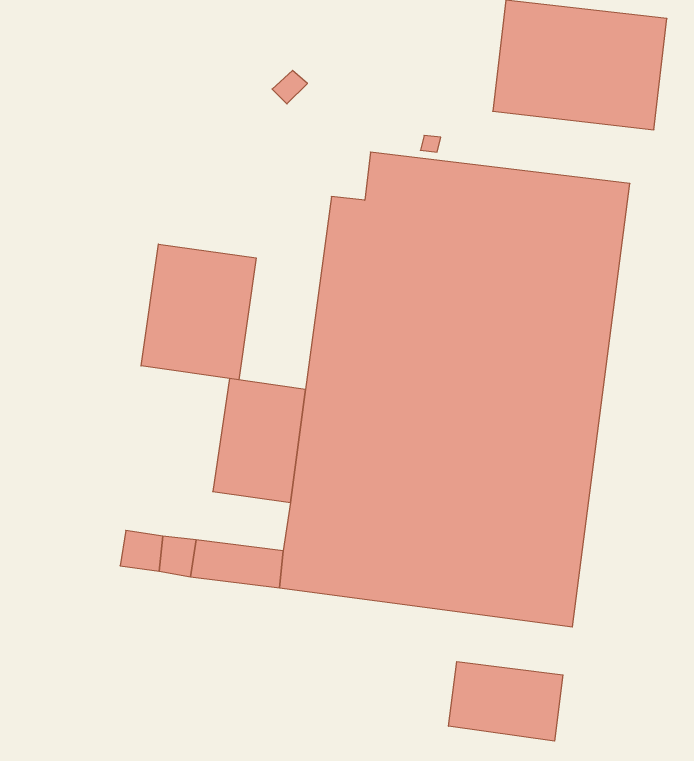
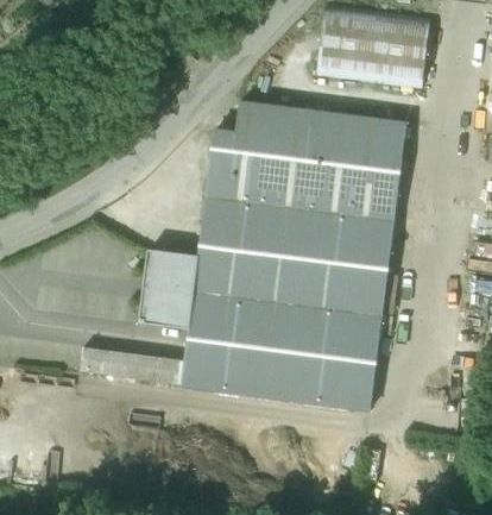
building: [141,244,256,380] -> none
building: [449,662,563,741] -> none

